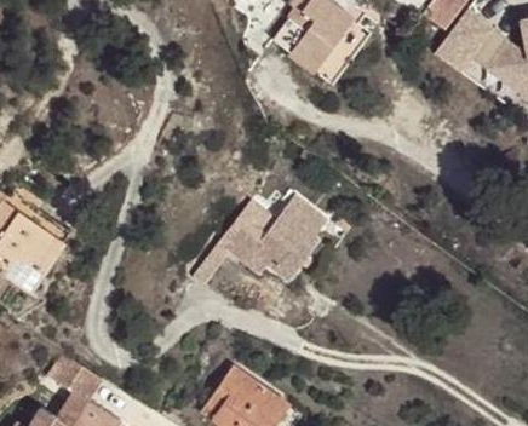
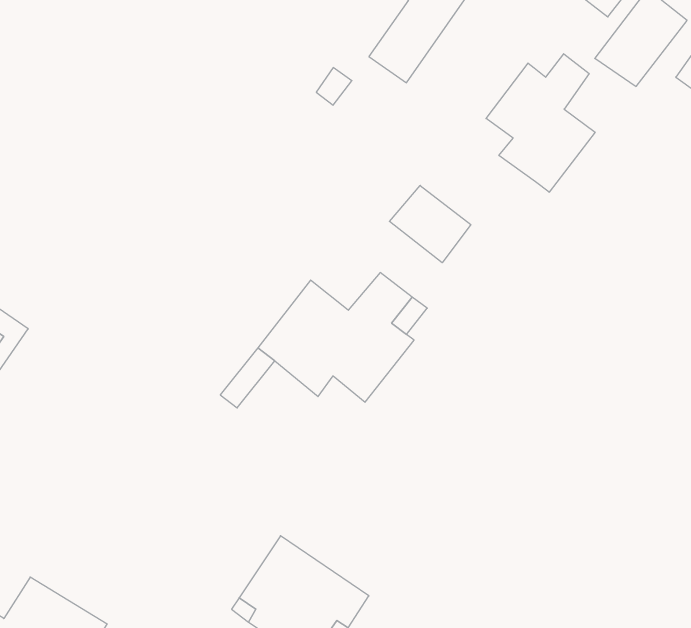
building: none -> [486,54,595,192]
building: none -> [389,185,471,263]

